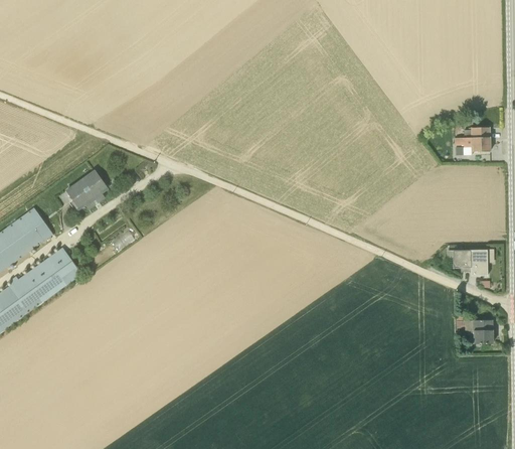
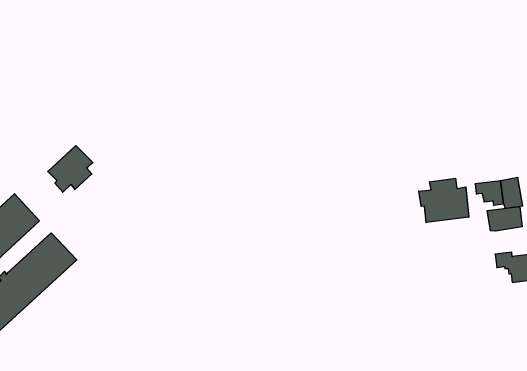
building: [454,128,489,155] -> none
building: none -> [419,178,469,223]
building: none -> [487,207,522,231]

